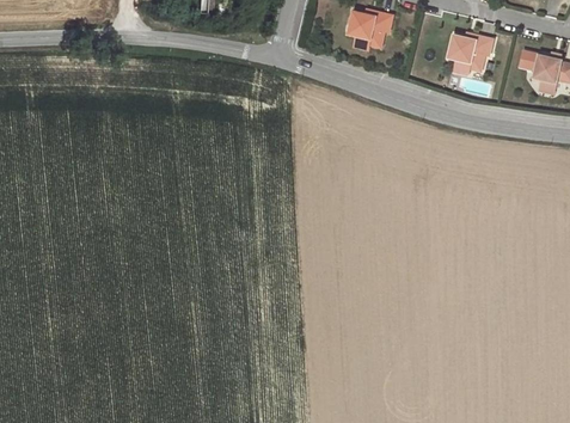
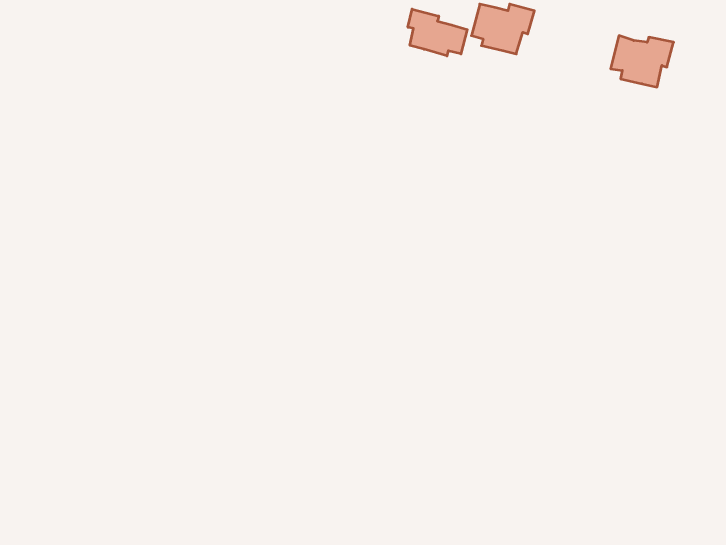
building: none -> [408,9,467,56]

